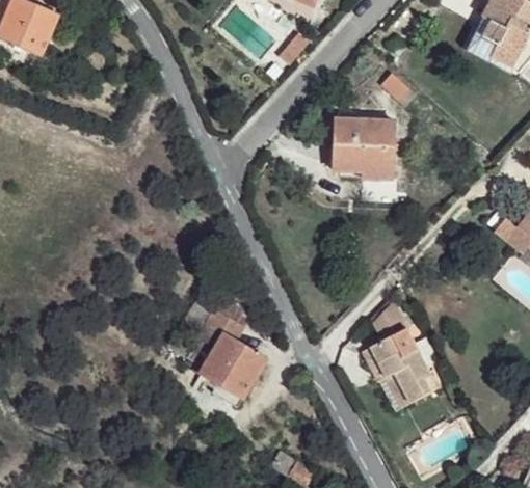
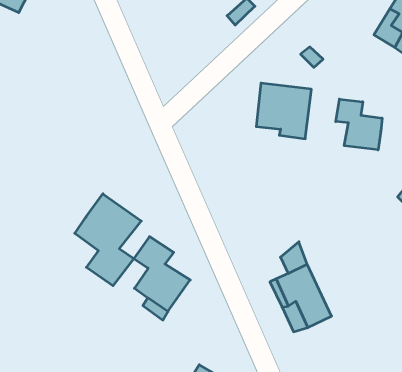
building: none -> [336,99,382,150]
building: none -> [75,194,141,286]

